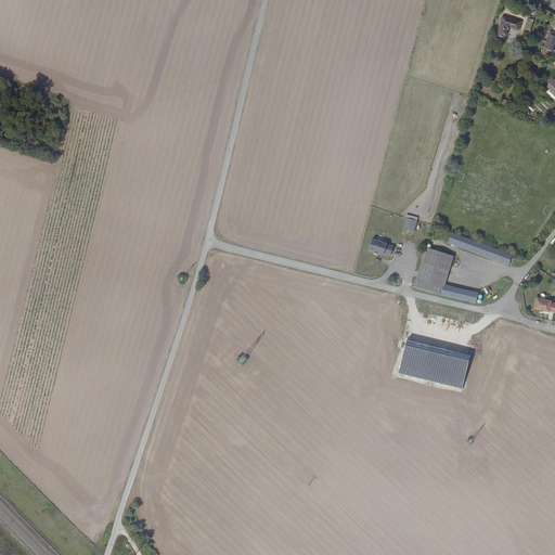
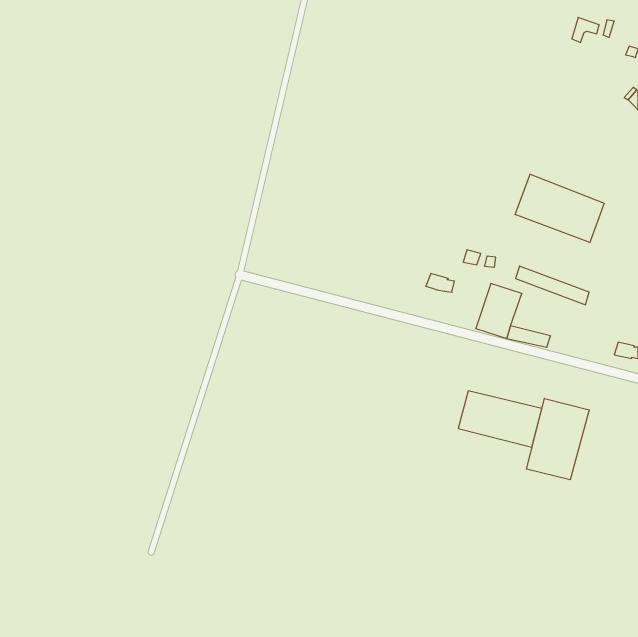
building: none -> [515,174,604,243]
building: none -> [526,398,589,480]

